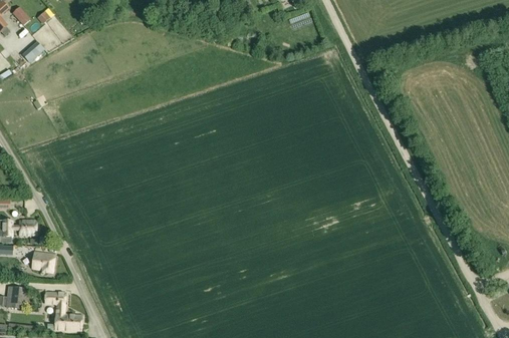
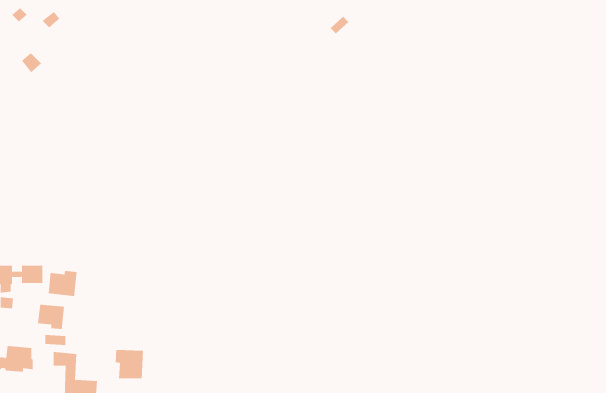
building: none -> [48,270,77,297]
building: none -> [115,349,143,379]

